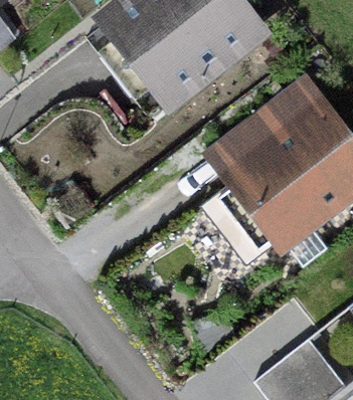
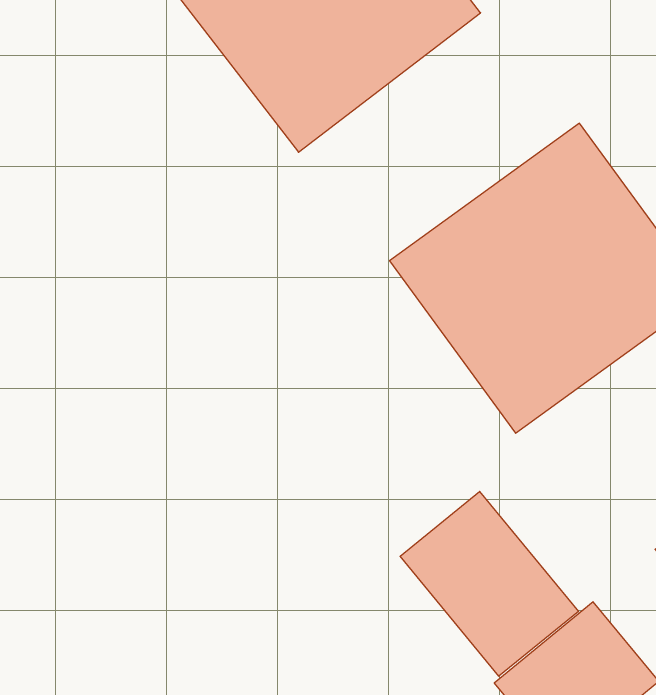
building: none -> [400,491,578,676]

